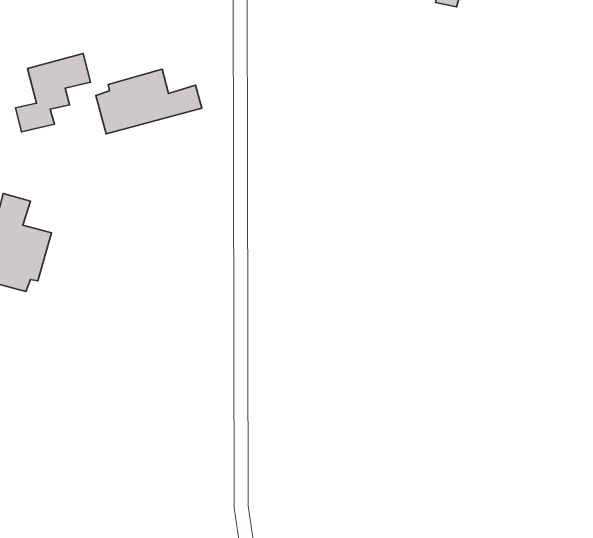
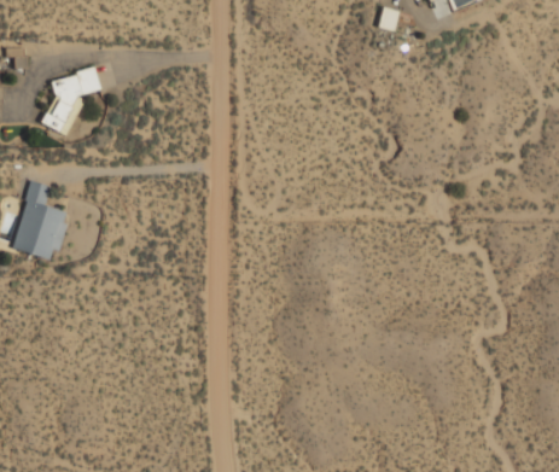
building: [96,69,202,134] -> none

